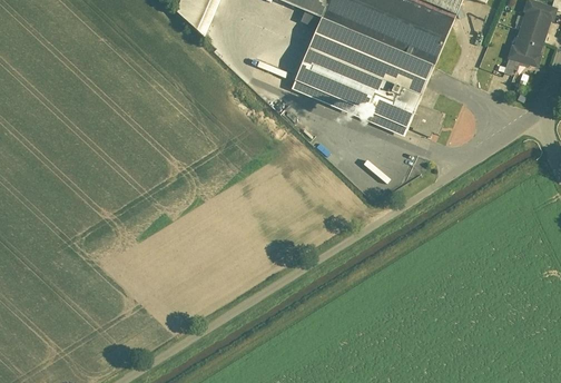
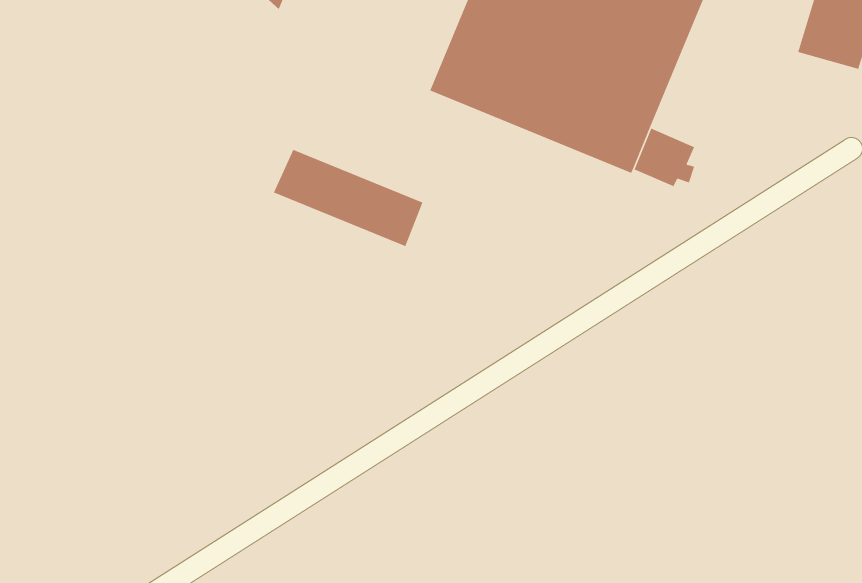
building: none -> [273,149,424,247]

